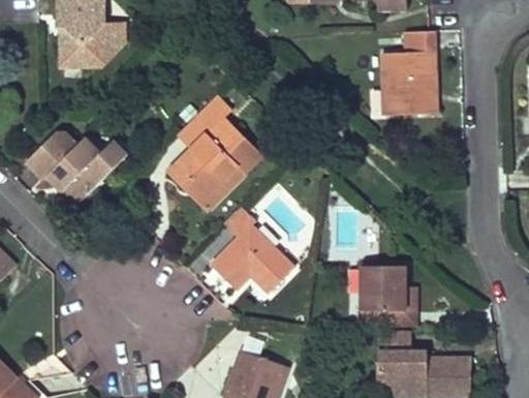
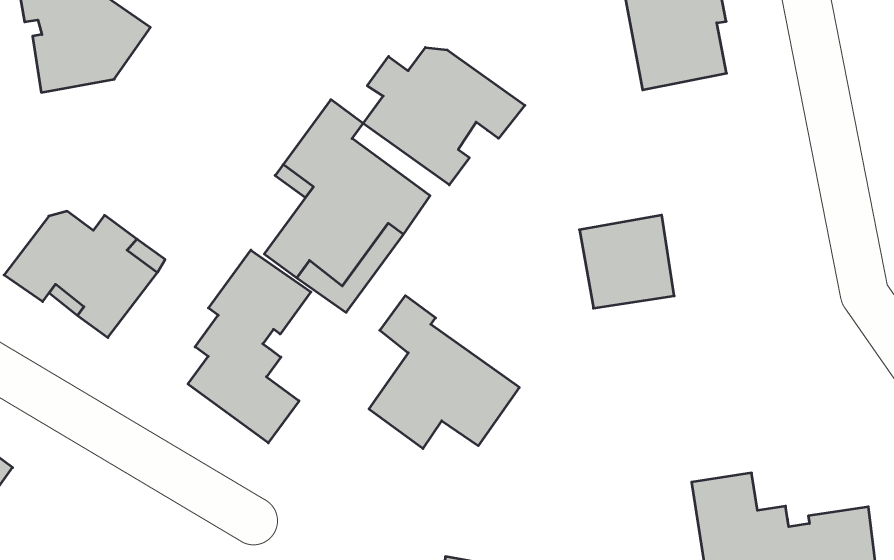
building: none -> [363,47,525,185]
building: none -> [188,250,311,443]
building: [361,266,406,310] -> [579,215,674,308]

